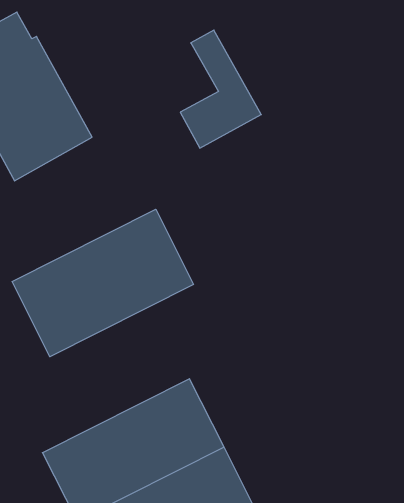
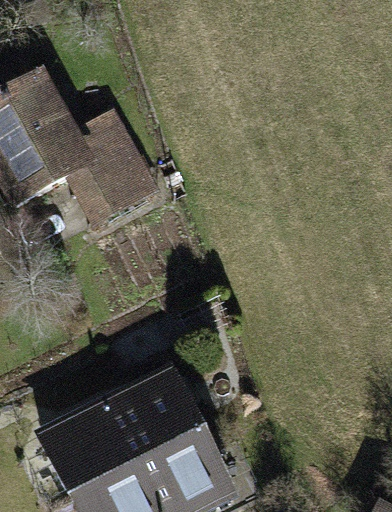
building: [180,30,261,148] -> [82,116,152,218]
building: [12,209,193,357] -> none

